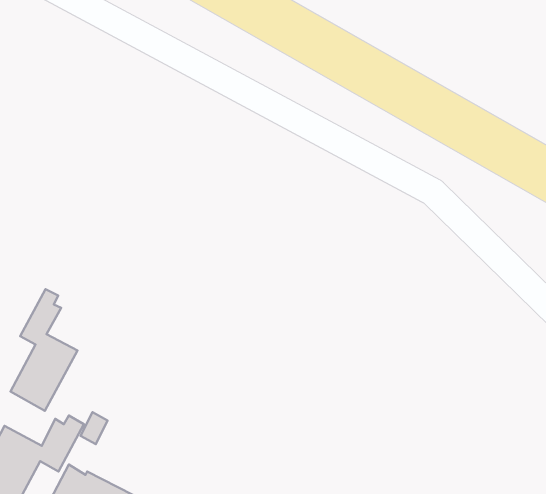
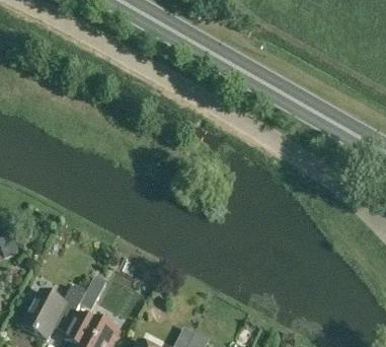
building: [10,289,77,411] -> none

